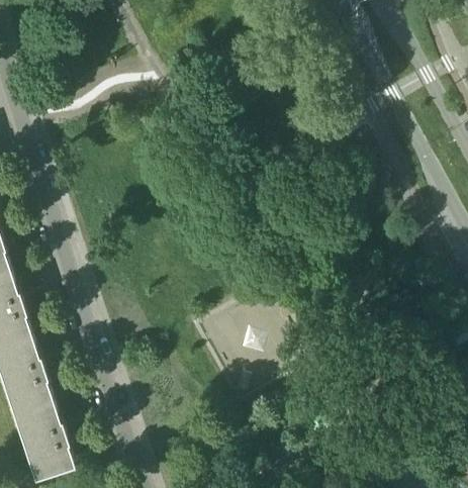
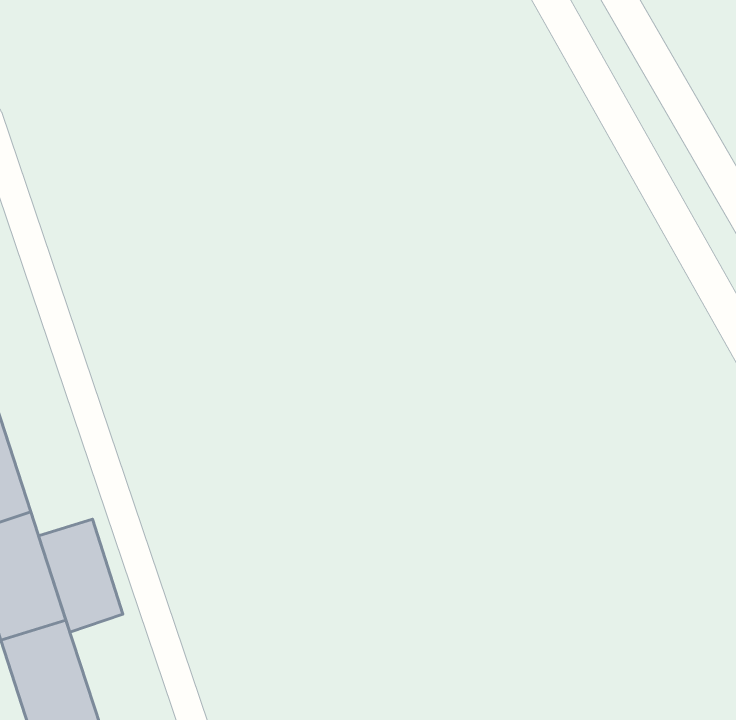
building: none -> [39,519,123,632]

